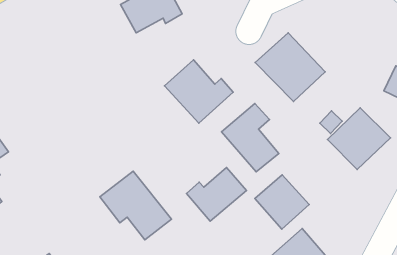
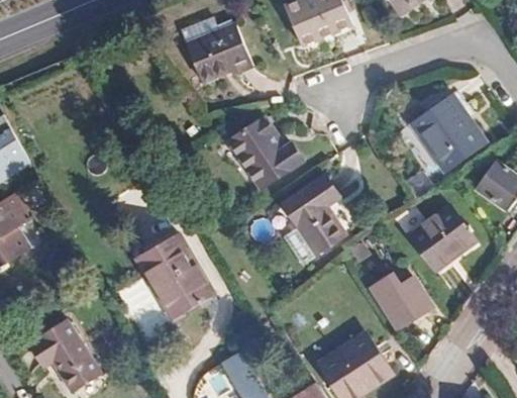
building: [255,33,325,101] -> [408,90,485,168]
building: [186,167,246,221] -> none
building: [255,175,309,229] -> [373,267,432,327]

